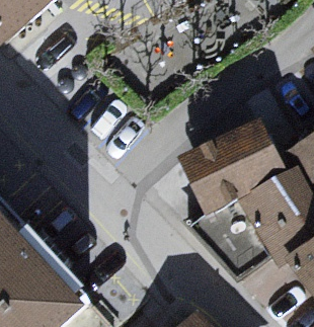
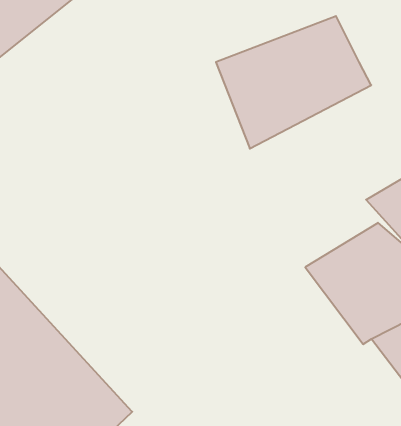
building: [172,120,289,220] -> [216,16,371,149]

